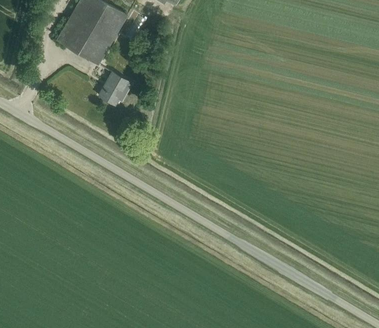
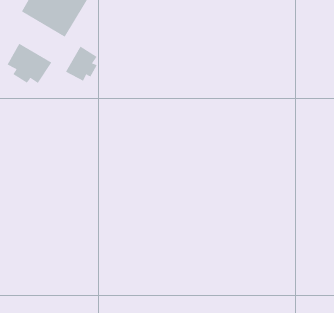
building: none -> [7,43,52,84]

